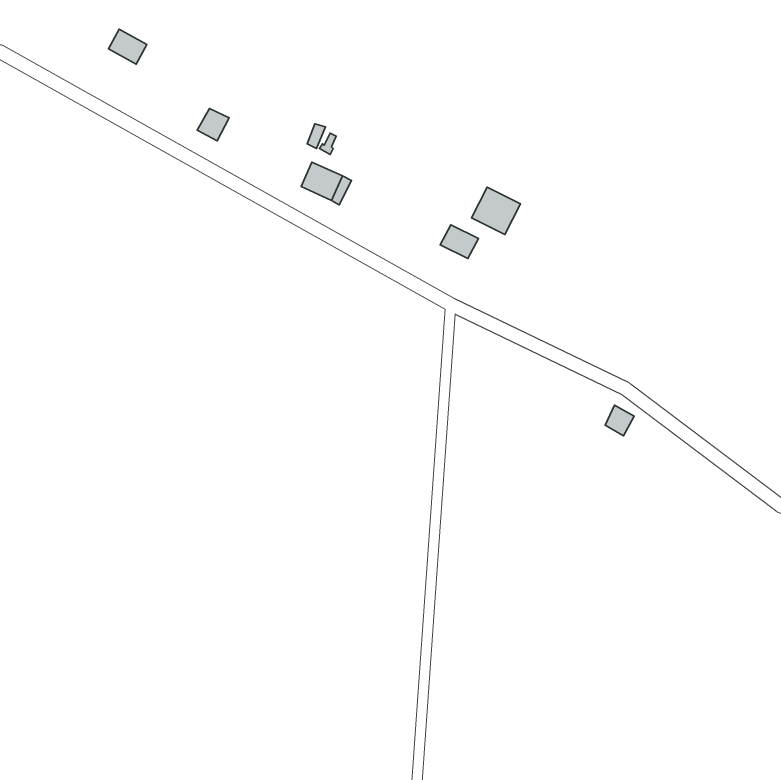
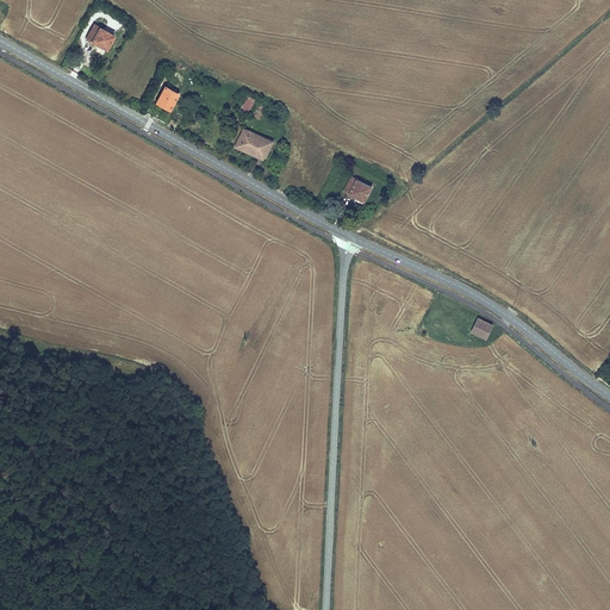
building: [471,187,520,235] -> none

